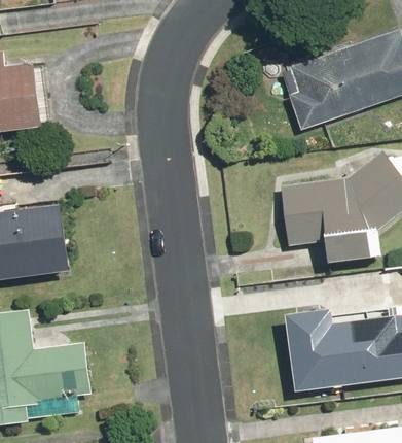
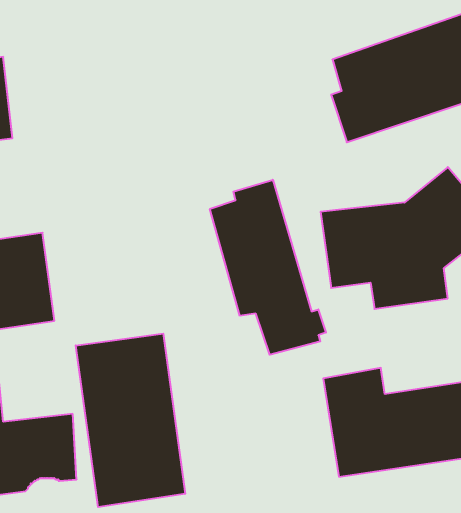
building: none -> [210,180,326,355]
building: none -> [76,334,185,507]

